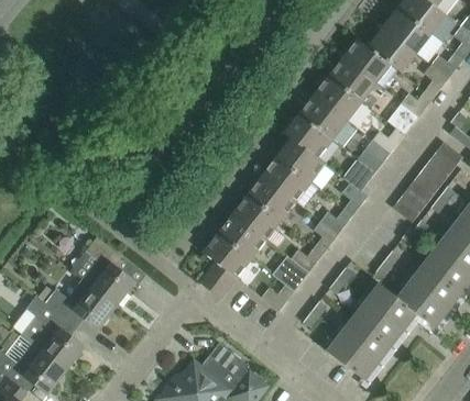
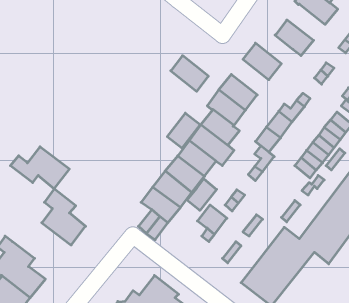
building: [383,8,430,53] -> none
building: [345,35,391,81] -> none
building: [315,76,361,120] -> [171,56,208,91]
building: none -> [167,113,200,148]
building: none -> [187,179,217,210]
building: [45,277,118,328] -> [10,147,69,189]

